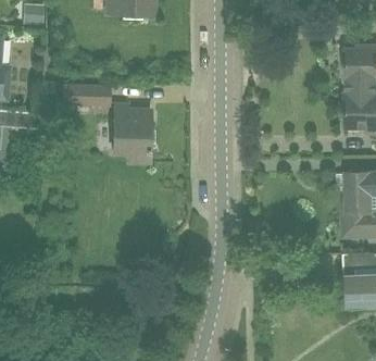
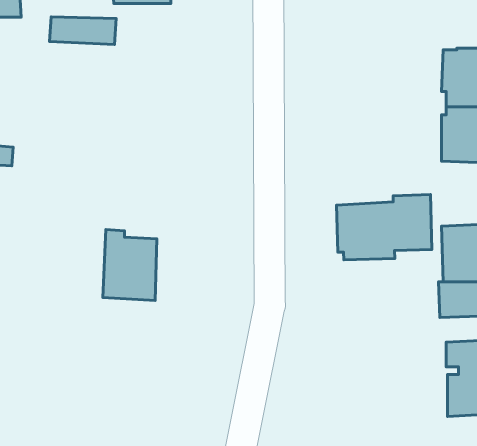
building: [64,87,111,107] -> [50,17,116,45]
building: [113,105,151,155] -> [103,229,157,301]
building: none -> [336,195,432,260]

